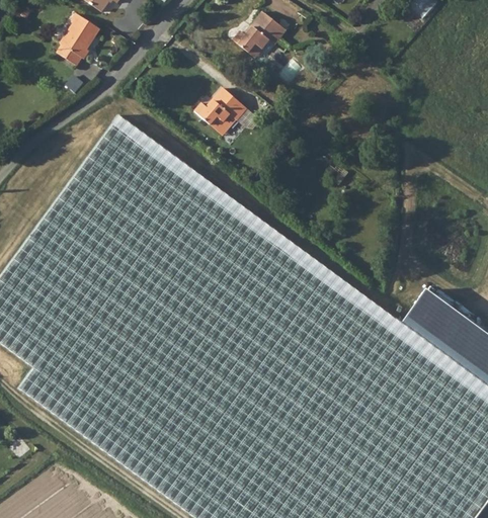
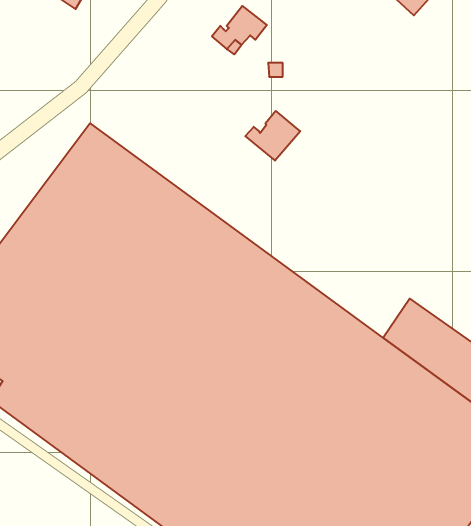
building: [62,13,100,58] -> none
building: [194,86,247,134] -> [245,111,300,161]

